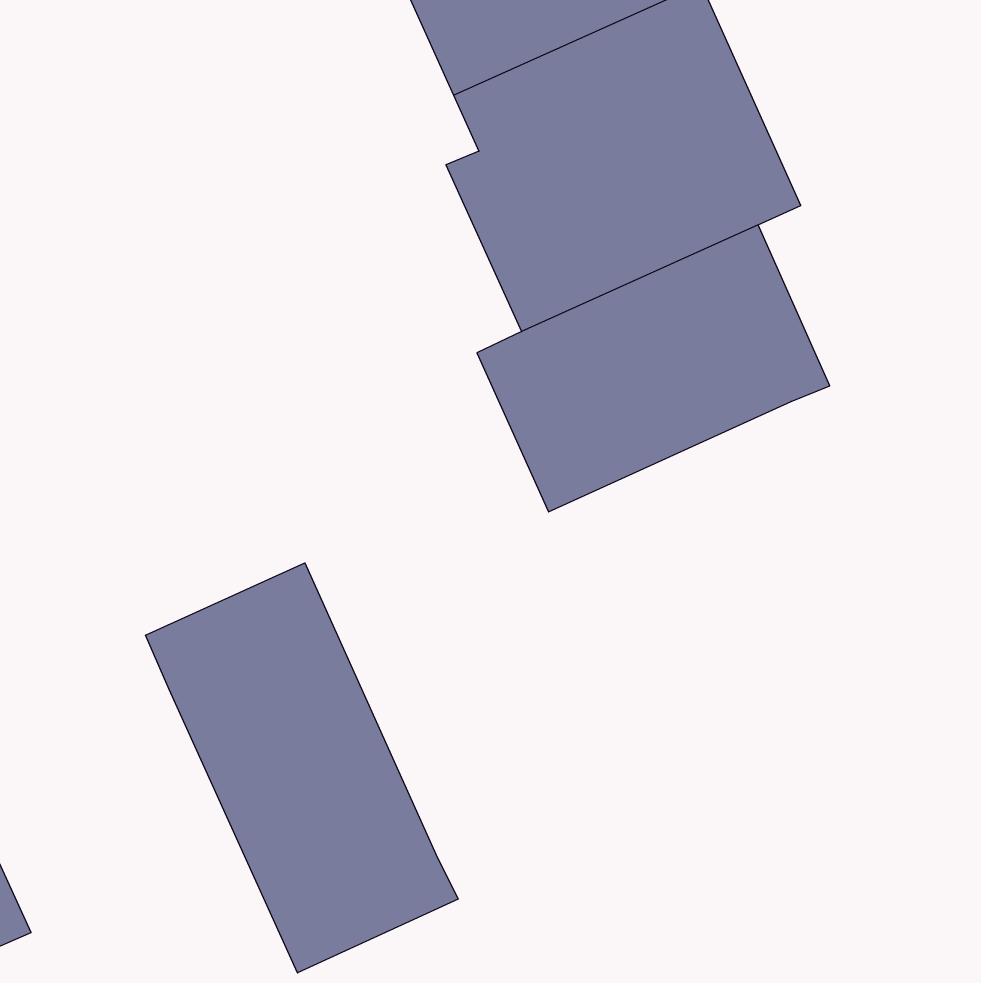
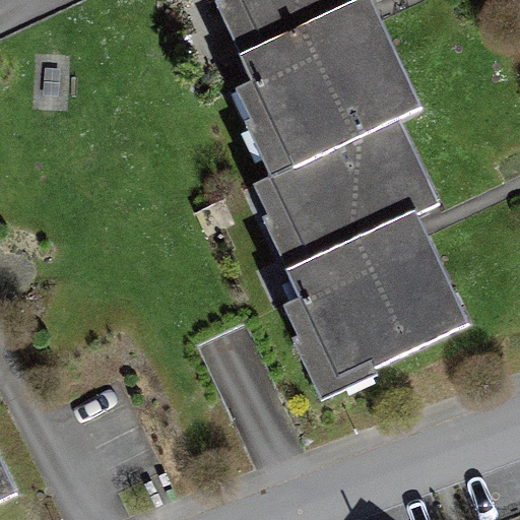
building: none -> [278,210,465,401]
building: [146,563,458,973] -> none

